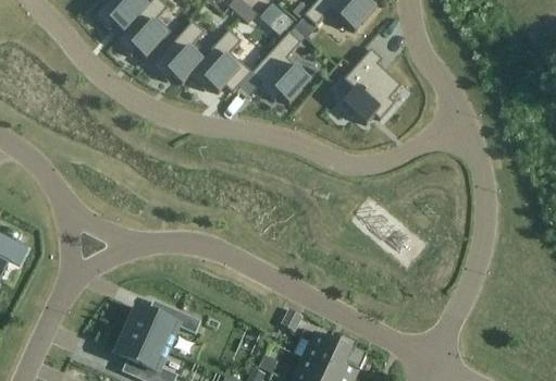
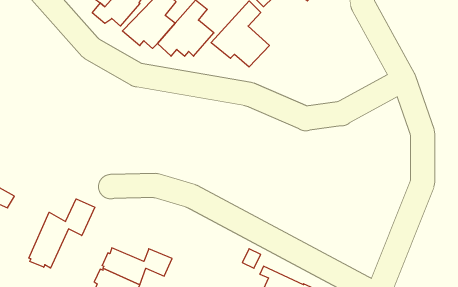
building: [341,49,403,125] -> none
building: none -> [29,199,95,268]

